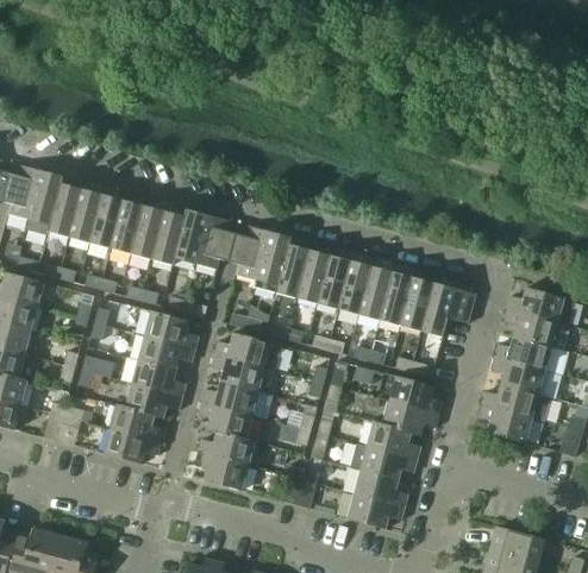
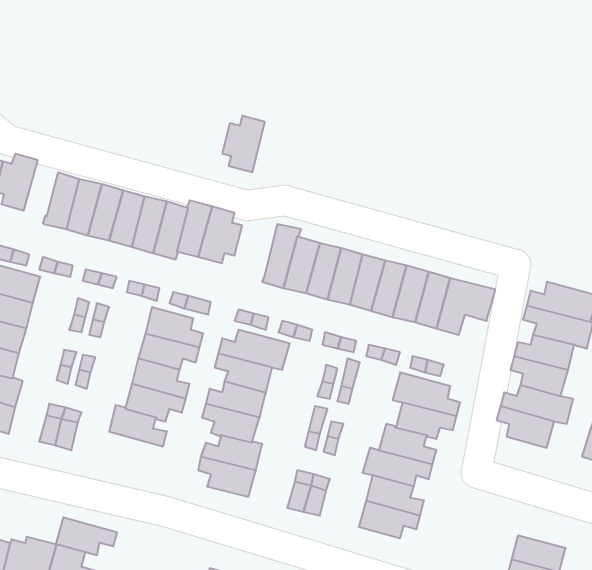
building: [27,171,64,234] -> none
building: [230,226,270,279] -> [222,116,265,172]
building: [104,428,162,464] -> [56,517,117,555]

